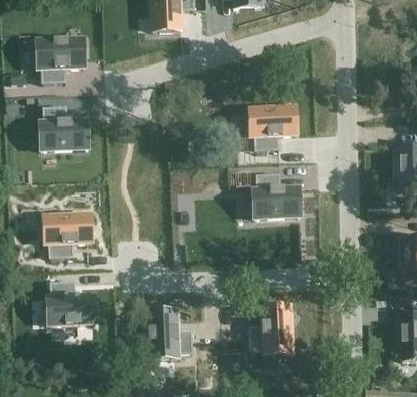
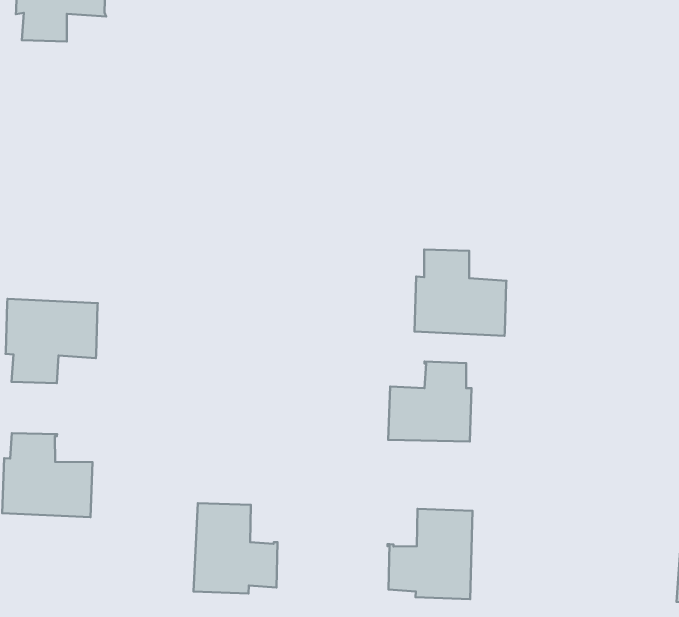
building: [39,105,87,148] -> none
building: [249,105,296,149] -> none
building: none -> [388,361,472,441]

